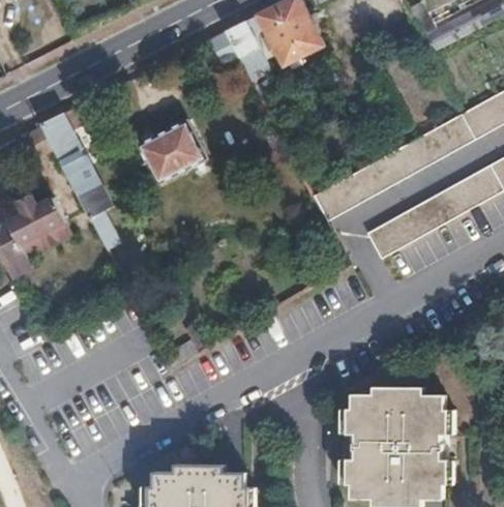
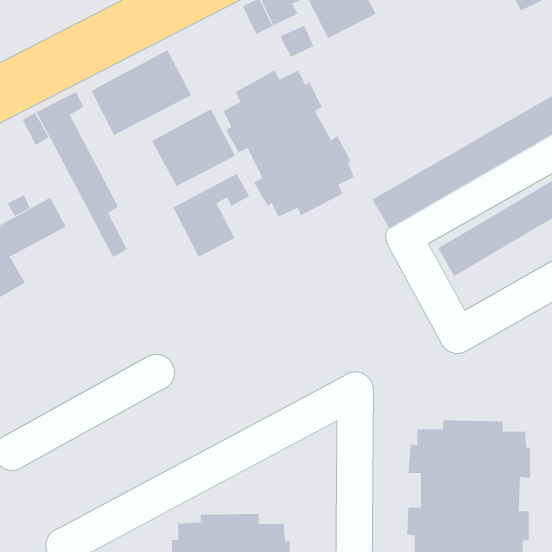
building: none -> [91,50,192,136]
building: none -> [223,69,355,218]
building: none -> [173,173,250,257]

